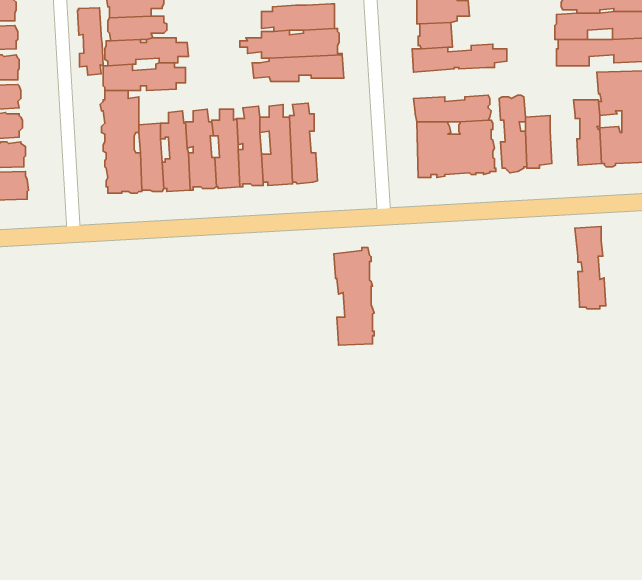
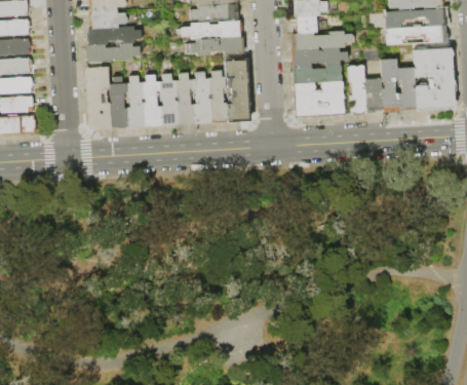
building: [77,8,103,75] -> none
building: none -> [290,45,349,66]
building: [575,227,606,309] -> [380,57,400,112]
building: [334,247,374,345] -> [225,56,251,121]

